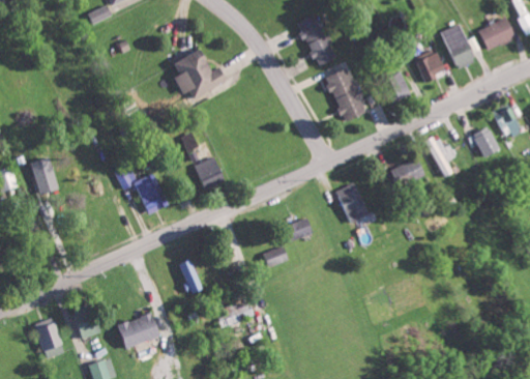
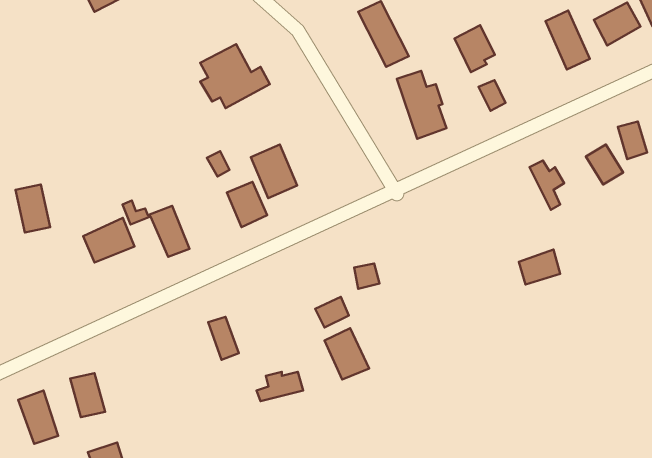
building: [413,48,444,84] -> [455,25,495,72]
building: none -> [251,145,297,198]
building: [392,158,424,185] -> [519,250,560,284]
building: [336,181,371,223] -> none
building: none -> [83,218,134,262]
building: none -> [324,328,369,380]
building: [120,315,160,346] -> none

